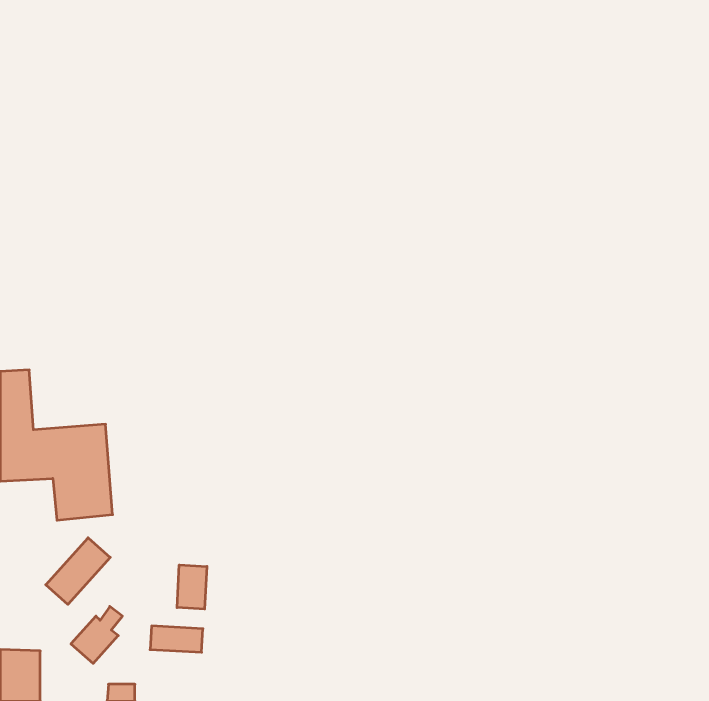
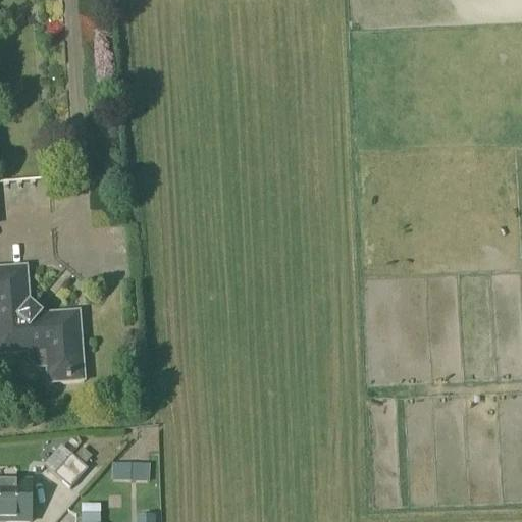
building: [46,538,110,604] -> none
building: [177,565,207,609] -> none

